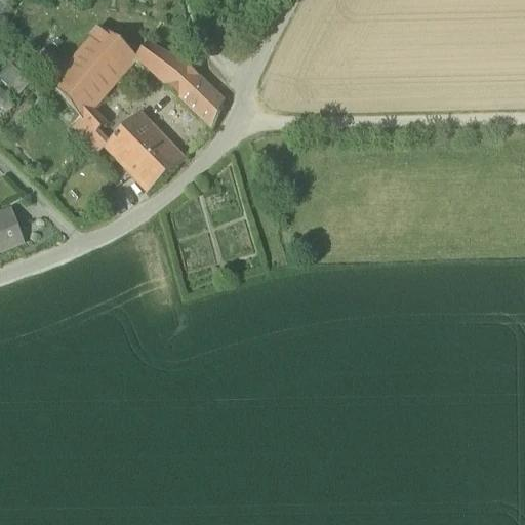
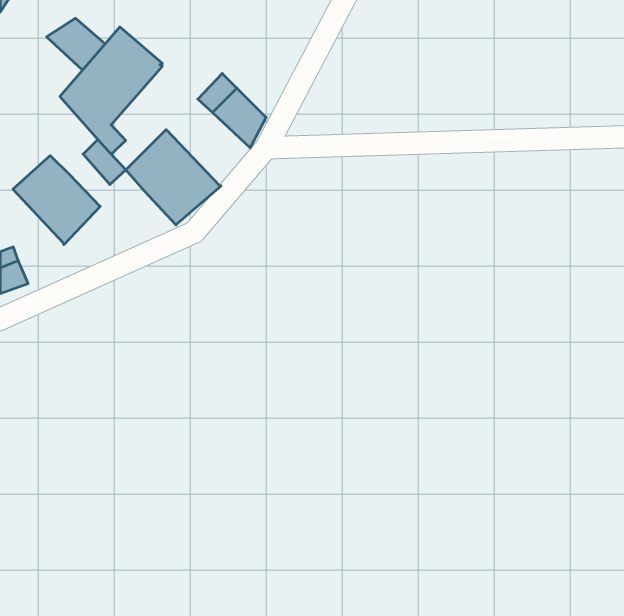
building: none -> [47,18,105,70]
building: [134,39,187,83] -> none
building: none -> [13,156,100,245]

